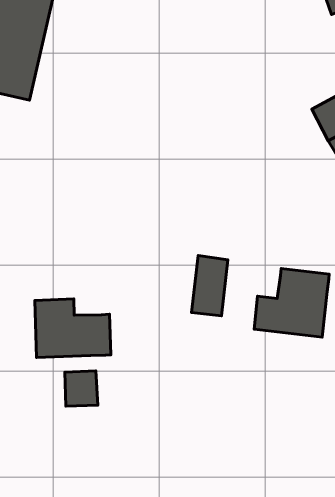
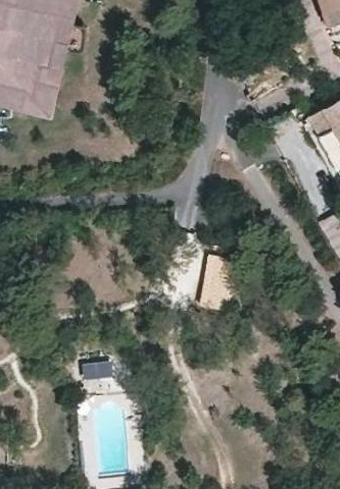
building: [254,269,329,337] -> none
building: [35,299,111,357] -> none

